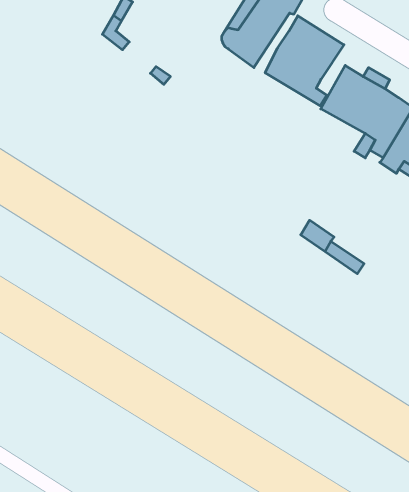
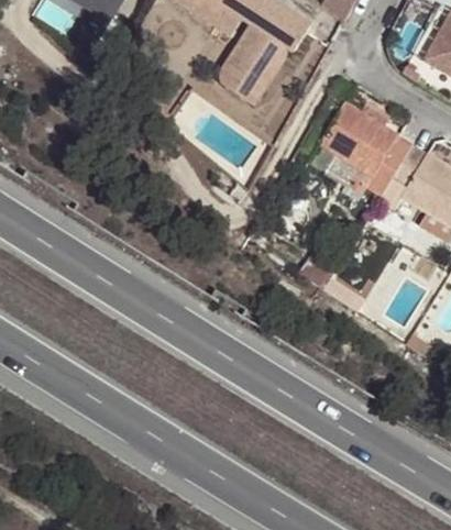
building: [265,16,344,106] -> none

